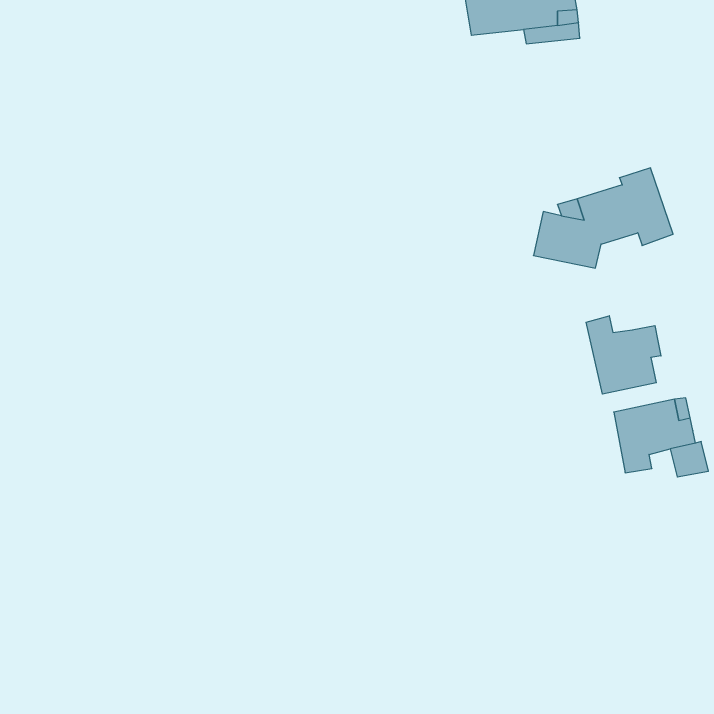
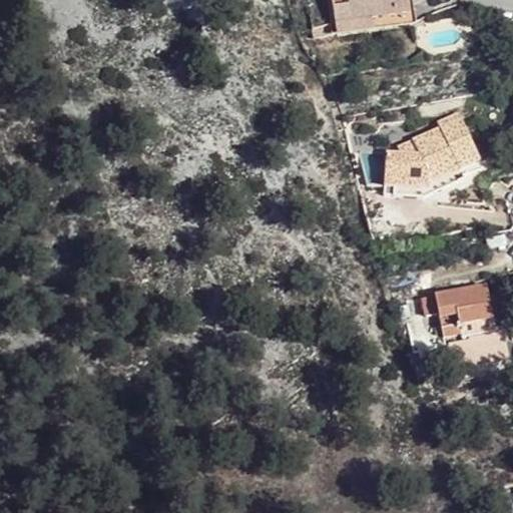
building: [586,316,661,394] -> none

